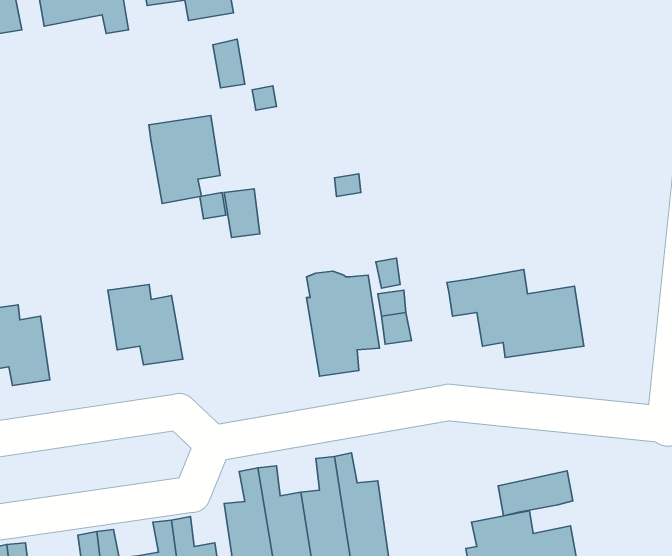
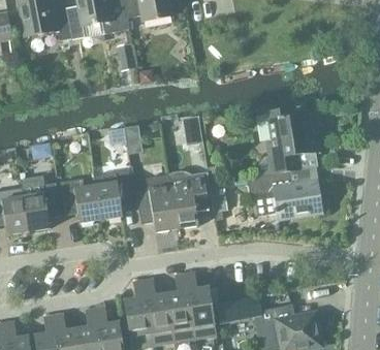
building: [149,116,220,204] -> [94,170,133,219]
building: none -> [258,113,320,174]
building: none -> [136,173,177,231]
building: none -> [23,182,61,230]
building: [498,471,573,516] -> [218,296,259,321]

